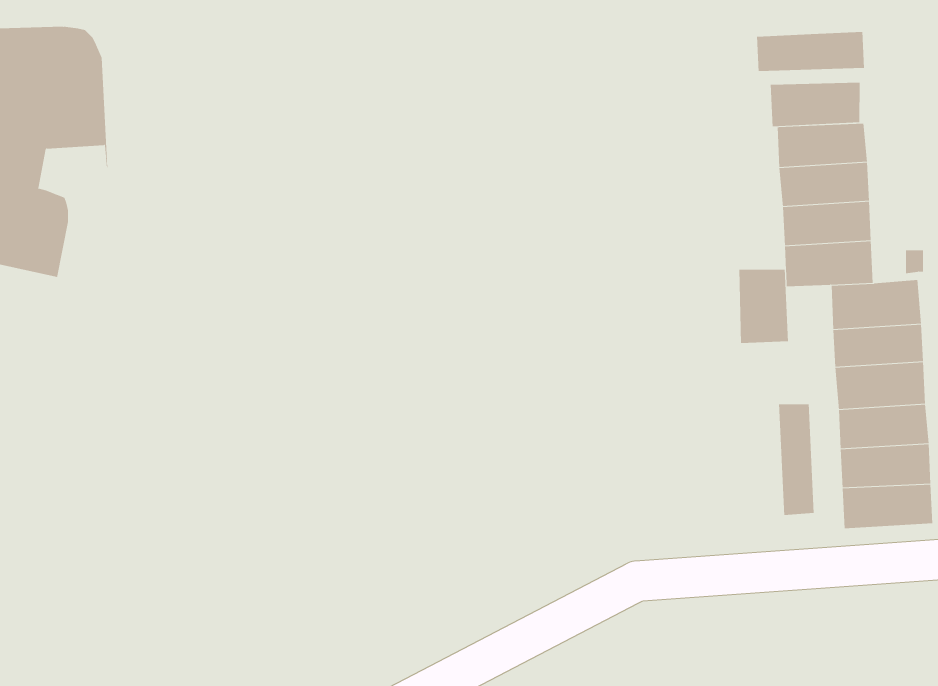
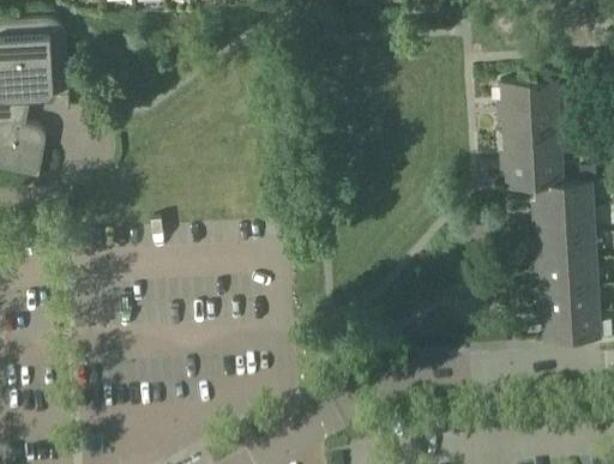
building: [756,31,864,72] -> none
building: [770,82,860,127] -> none
building: [739,269,789,344] -> none
building: [779,403,814,516] -> none

